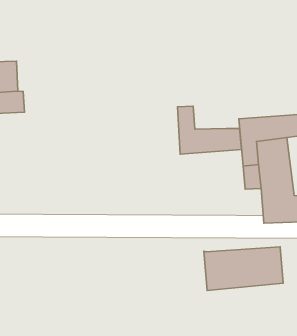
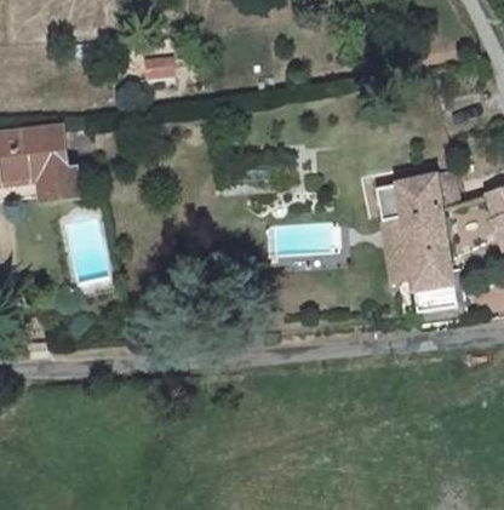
building: [177,106,242,154] -> none
building: [204,247,283,290] -> none

